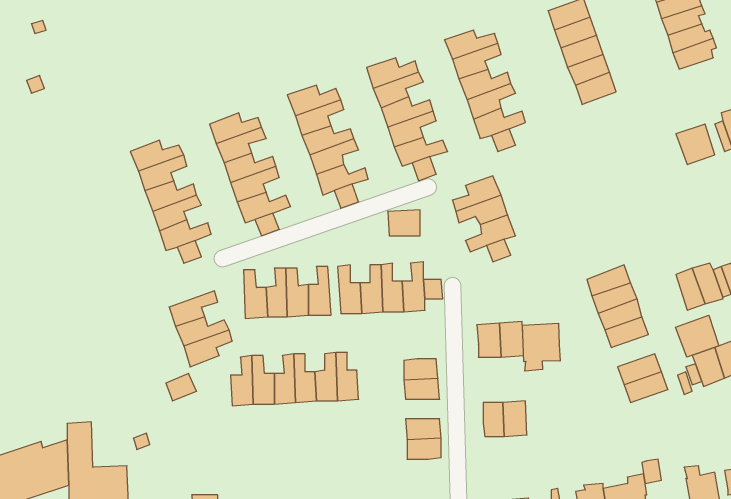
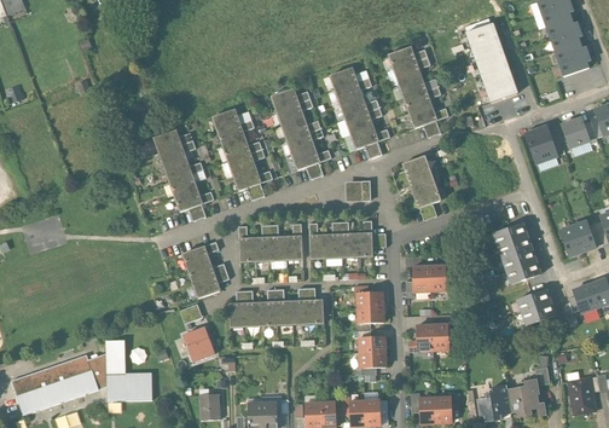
building: none -> [523,123,558,163]
building: [675,315,719,357] -> none
building: [523,323,560,371] -> none
building: none -> [184,325,214,360]

